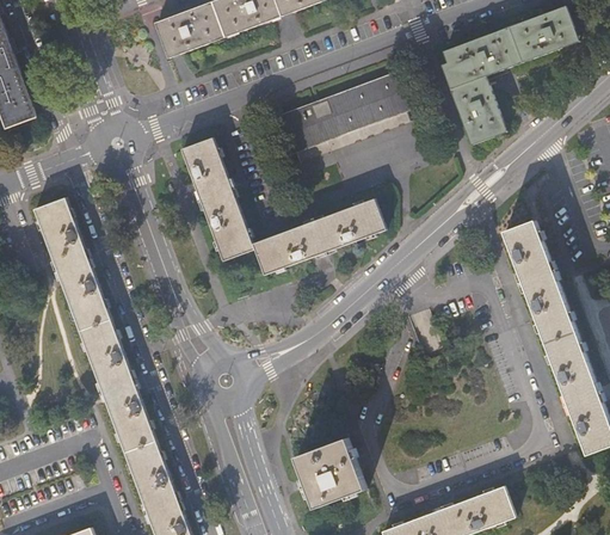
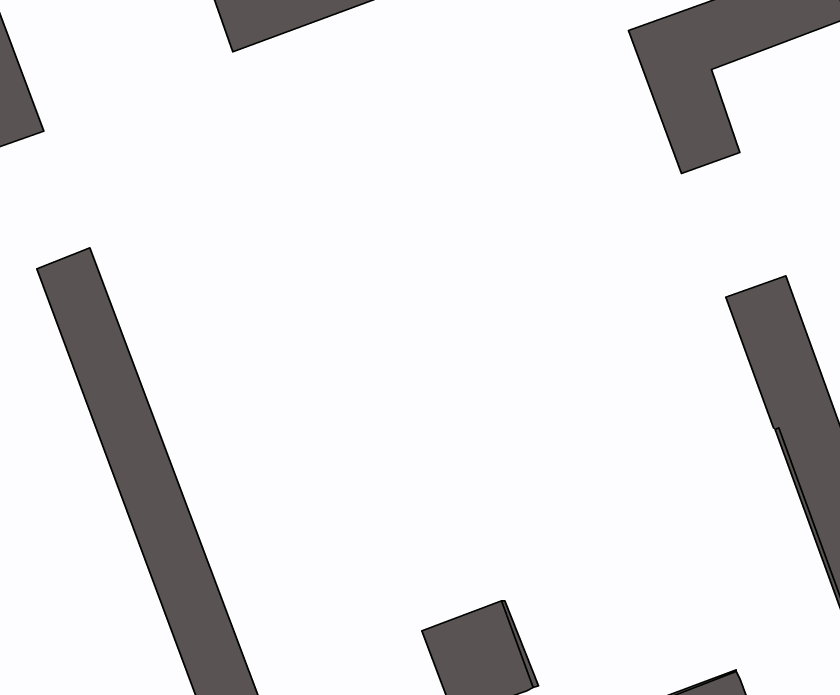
building: [279,69,409,164] -> none
building: [178,131,389,277] -> none

